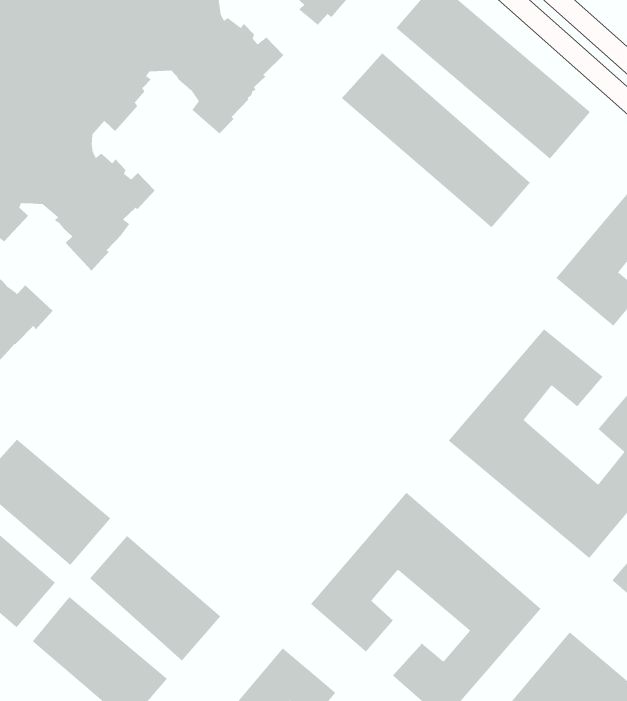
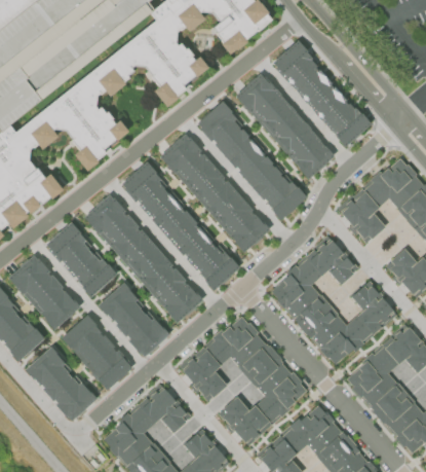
building: none -> [199,104,305,217]
building: none -> [160,133,270,251]
building: none -> [121,161,239,289]
building: none -> [83,194,202,322]
building: none -> [46,223,116,295]
building: none -> [99,283,169,357]

